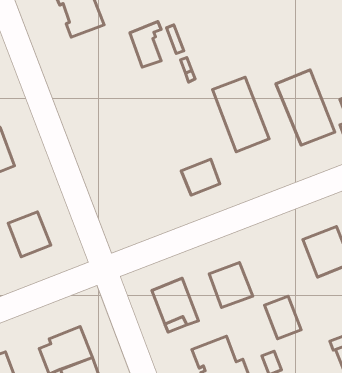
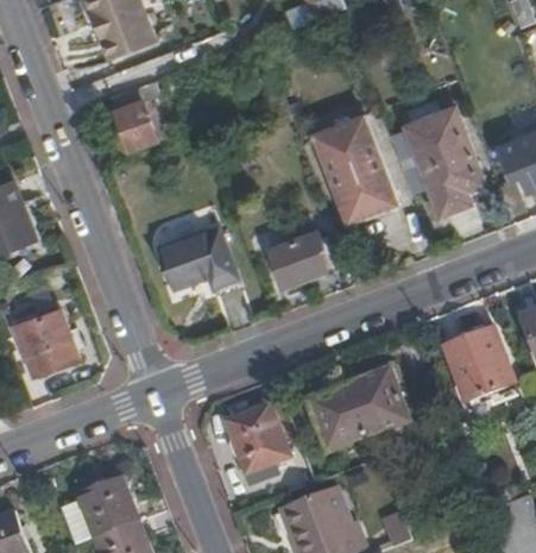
building: [130,21,161,67] -> [111,78,156,145]
building: none -> [155,224,228,287]
building: [264,296,301,339] -> [352,370,405,432]

